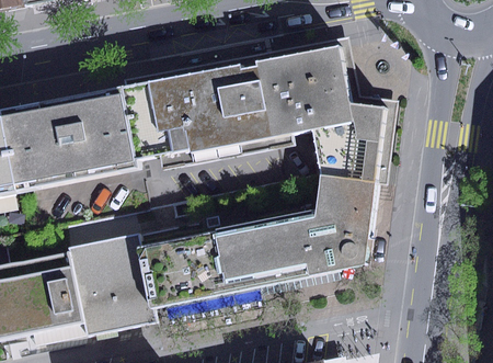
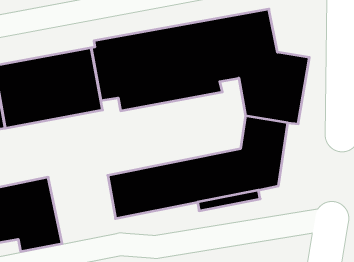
building: [69,232,159,336] -> none

